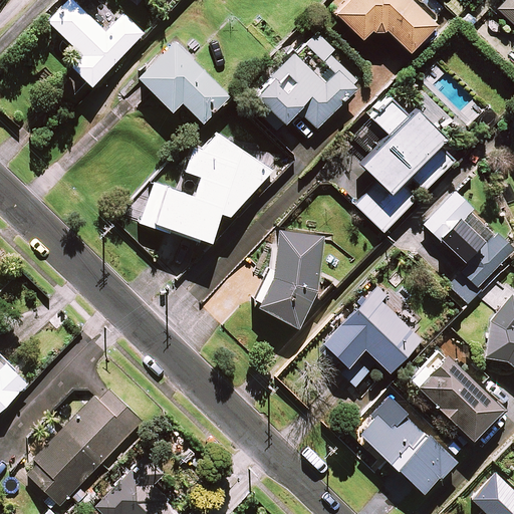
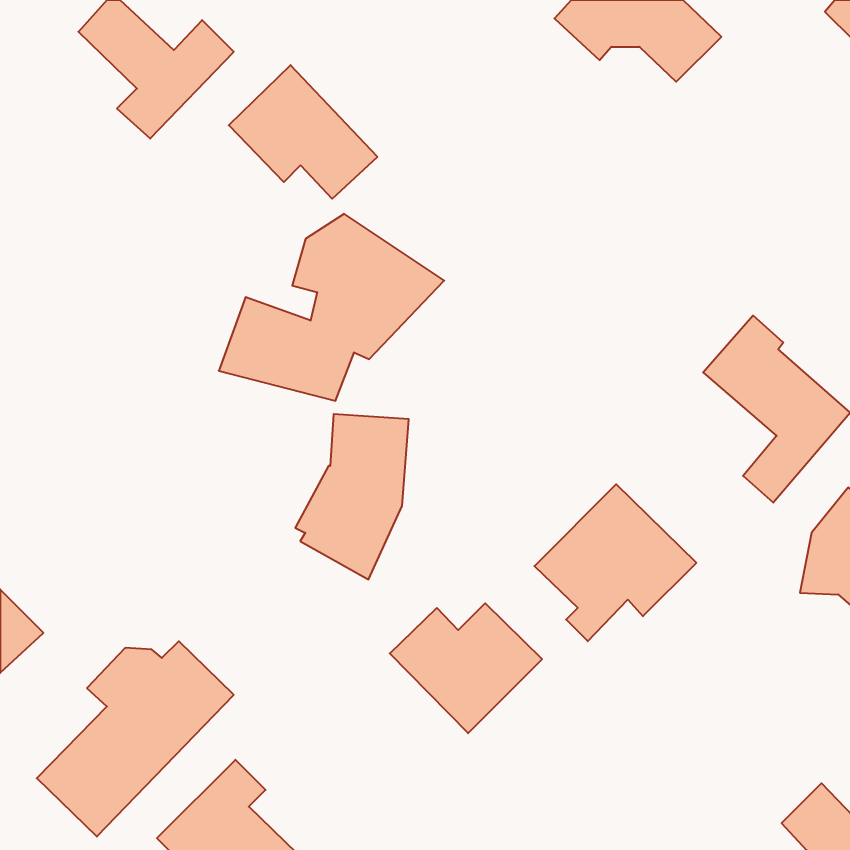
building: [254,36,361,128] -> none
building: [353,100,451,231] -> none
building: [254,230,322,329] -> [295,414,409,579]
building: [410,347,506,443] -> none
building: none -> [390,603,542,733]
building: [359,398,455,493] -> none

